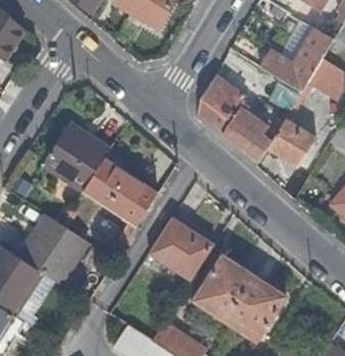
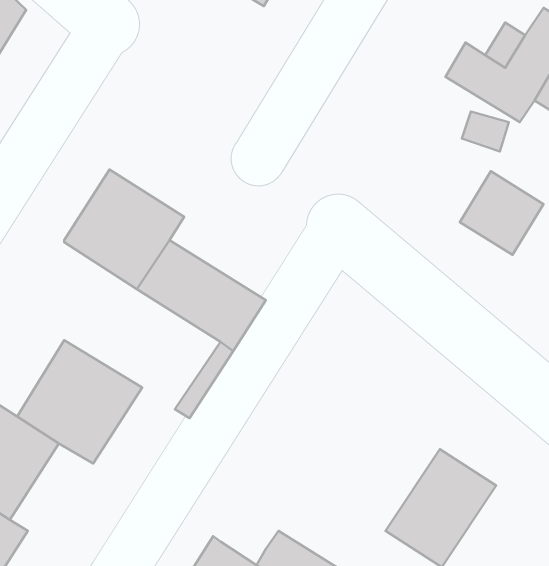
building: [196,74,268,160] -> none
building: [149,217,217,282] -> none
building: [193,255,255,321] -> none

